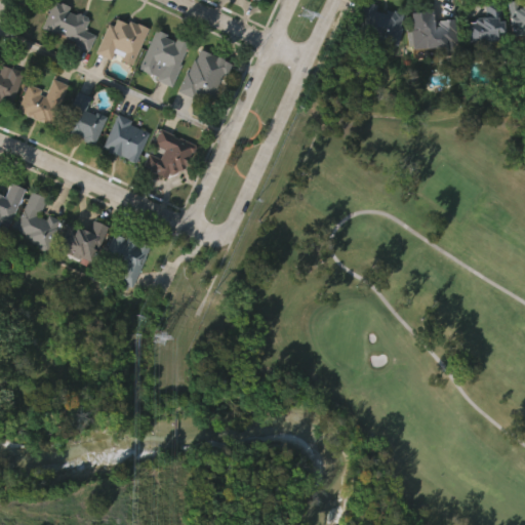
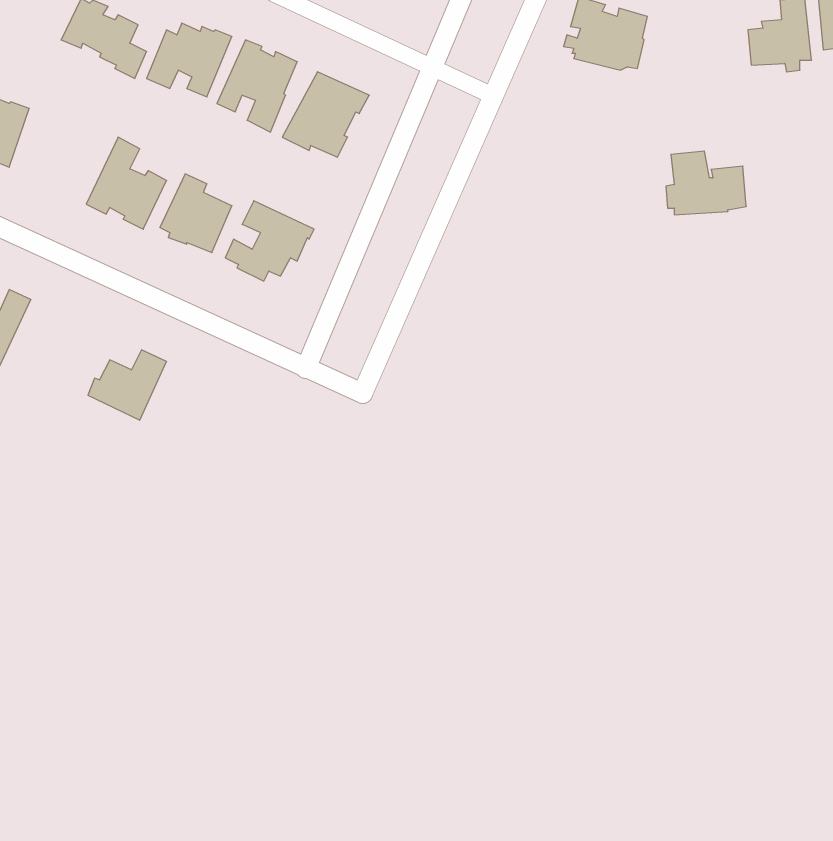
building: [406,11,455,50] -> [666,151,746,215]
building: [16,78,70,125] -> none
building: [14,192,60,251] -> none
building: [106,235,153,290] -> none

